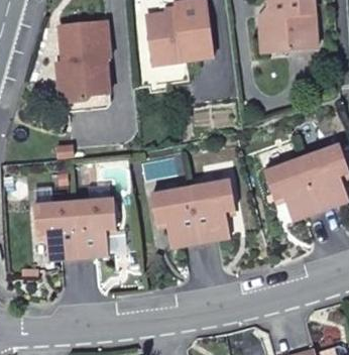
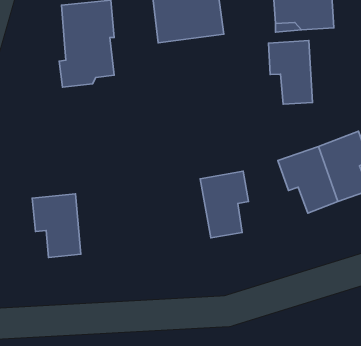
building: none -> [268,41,312,104]
building: [151,189,201,249] -> none
building: [74,199,116,259] -> none

